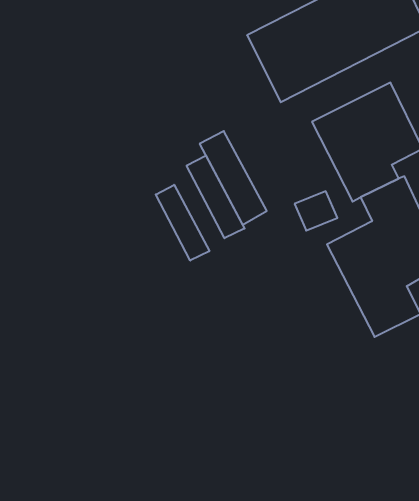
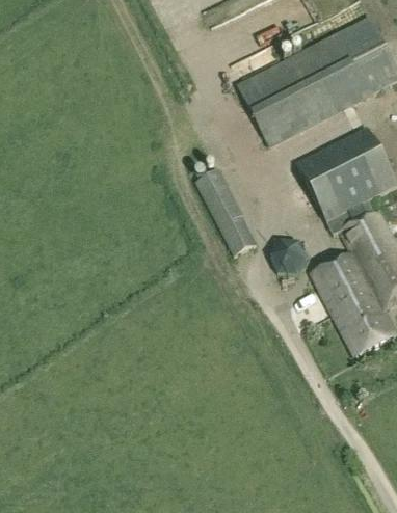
building: [187,155,245,238] -> none
building: [156,185,209,261] -> none

